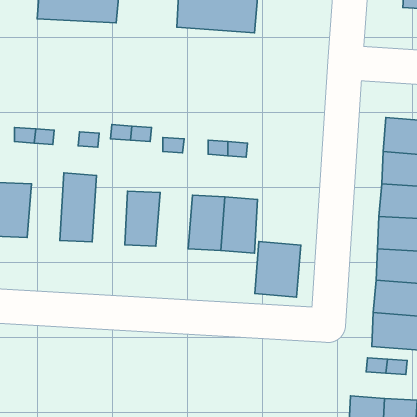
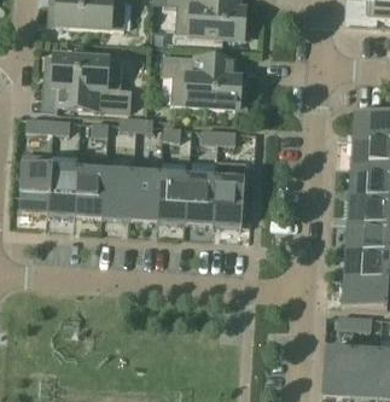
building: none -> [161,54,239,109]
building: none -> [52,56,132,110]
building: none -> [47,157,78,215]
building: none -> [103,159,133,219]
building: none -> [157,174,188,222]
building: [255,241,301,297] -> none

